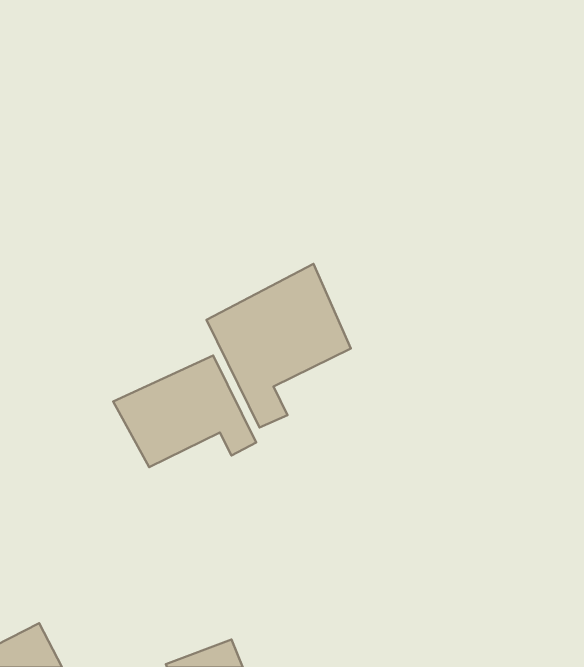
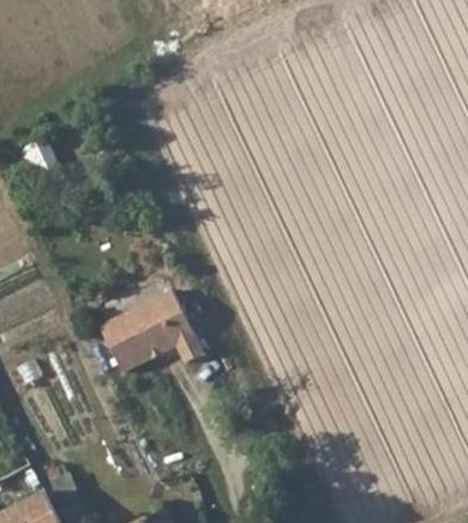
building: [207,264,351,428] -> none

